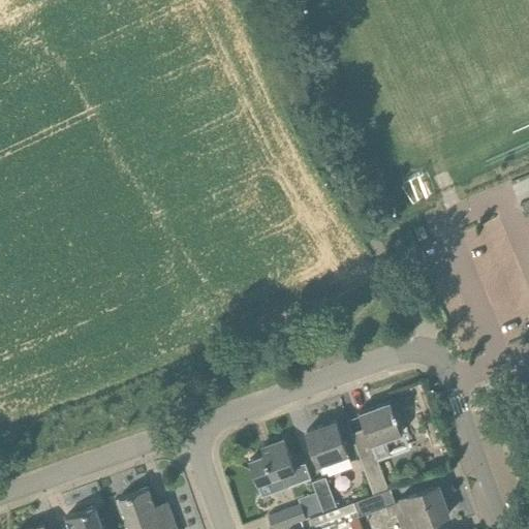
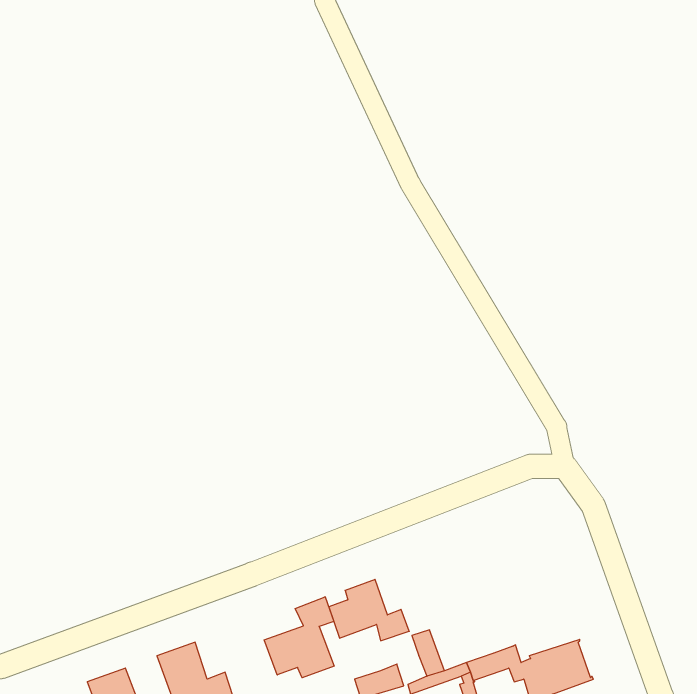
building: [351,402,402,497] -> none
building: [307,423,350,475] -> none
building: none -> [264,597,334,678]

